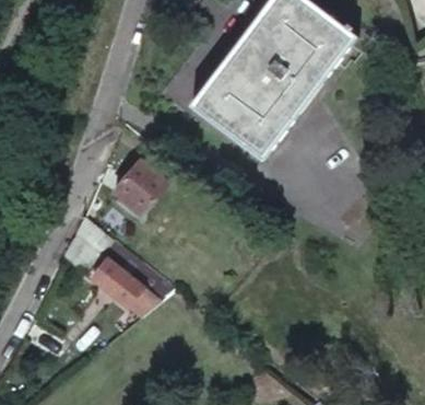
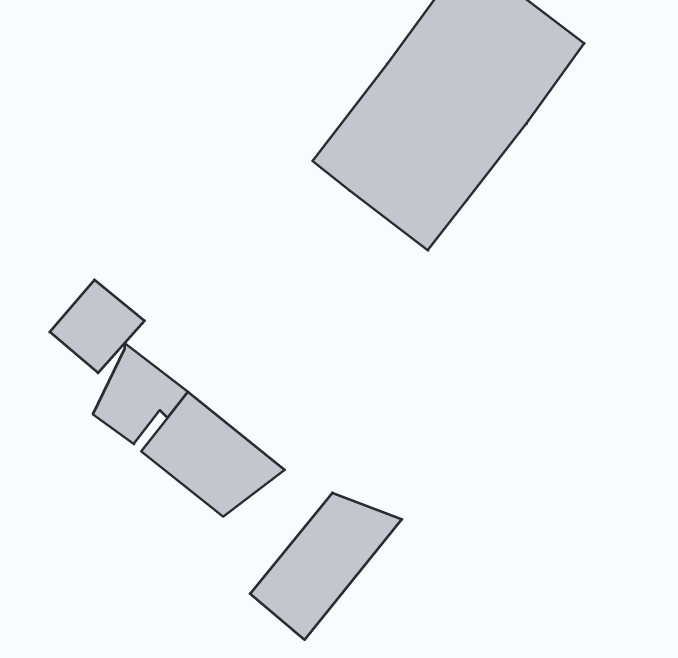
building: [111,158,167,212] -> [50,280,145,373]
building: none -> [250,493,402,640]

